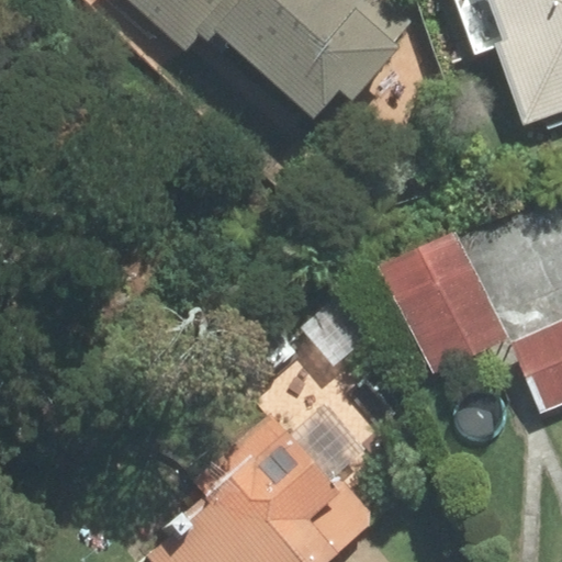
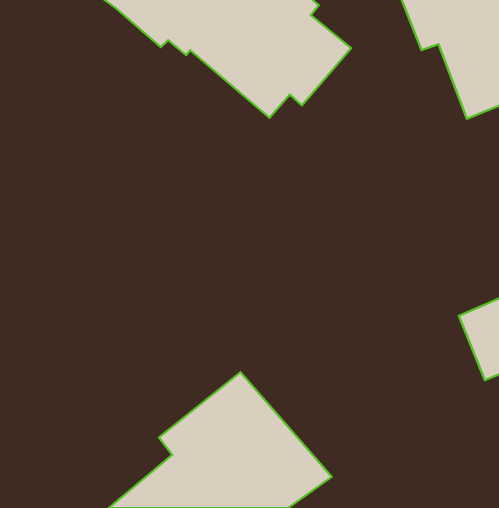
building: [378,224,519,378] -> none

